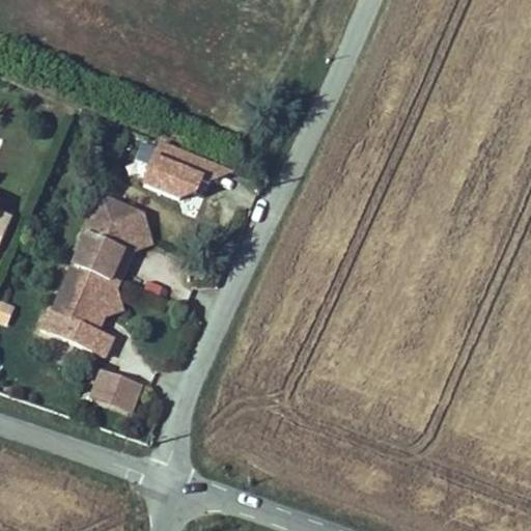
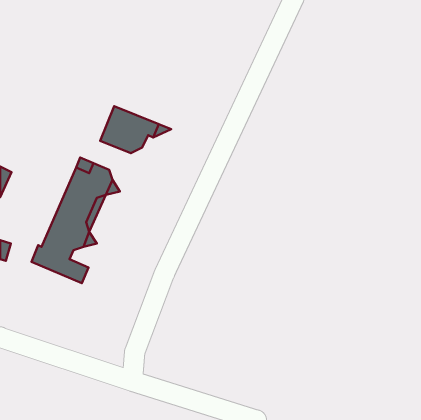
building: [94,371,140,411] -> none

